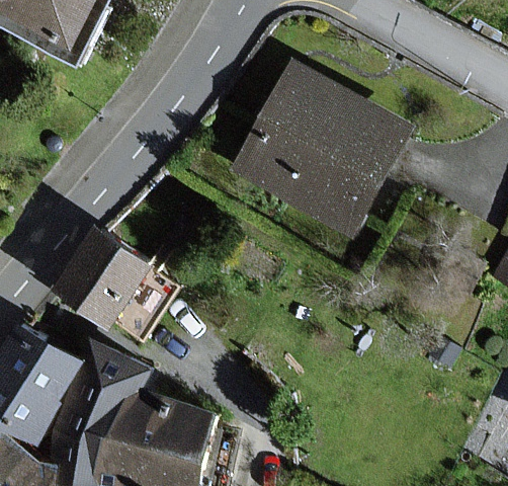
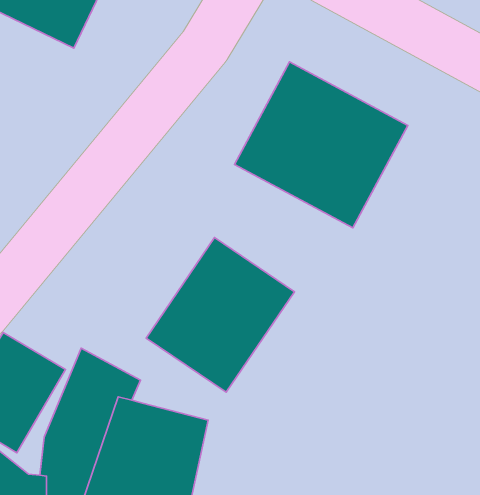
building: [56,232,145,323] -> none
building: none -> [146,238,294,392]

